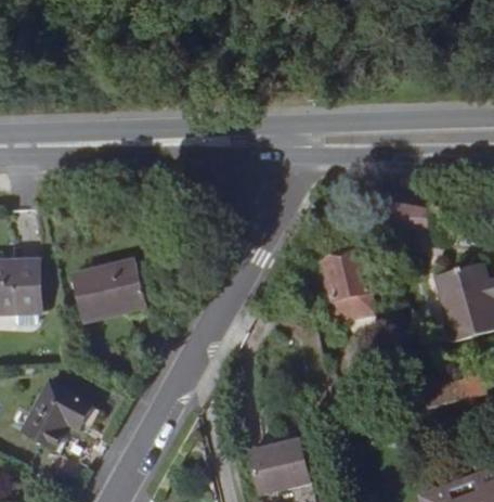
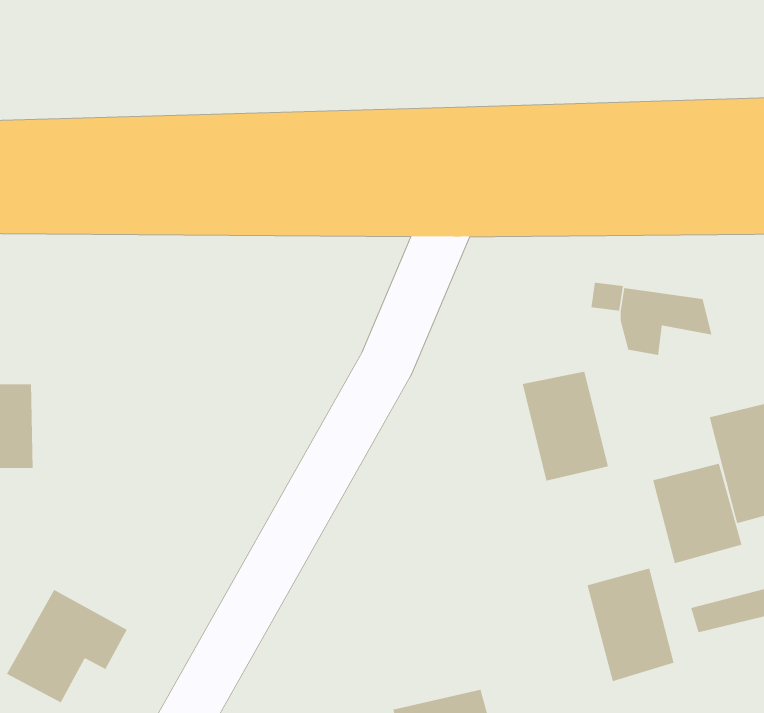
building: [70,258,146,318] -> none
building: none -> [652,463,742,564]
building: none -> [586,567,675,682]

